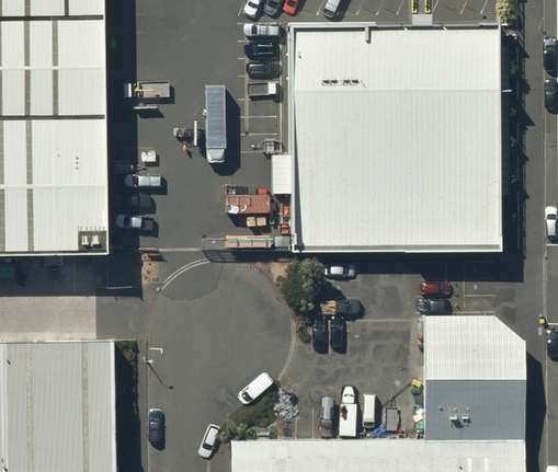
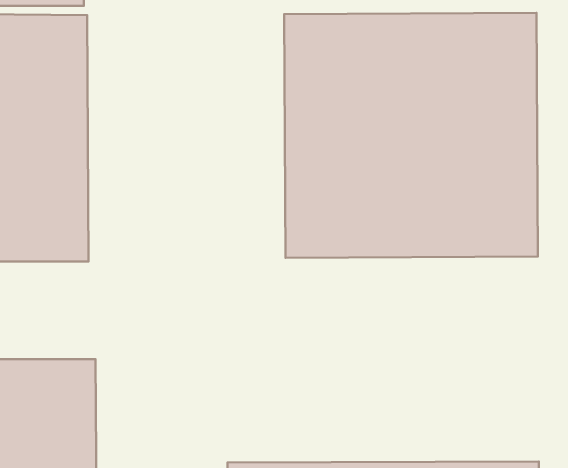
building: [422,318,524,438] -> none

